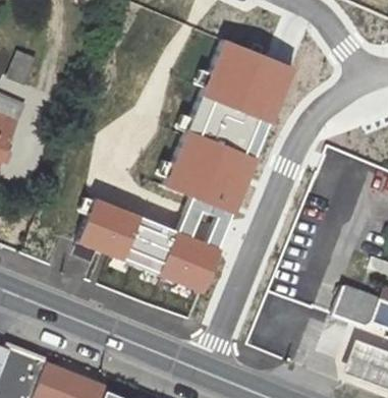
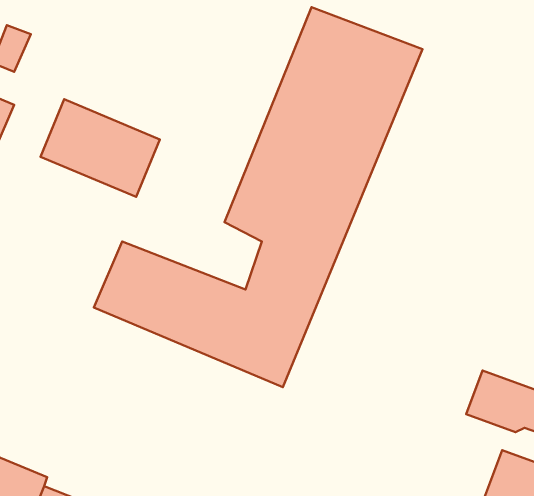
building: none -> [40,99,160,197]

